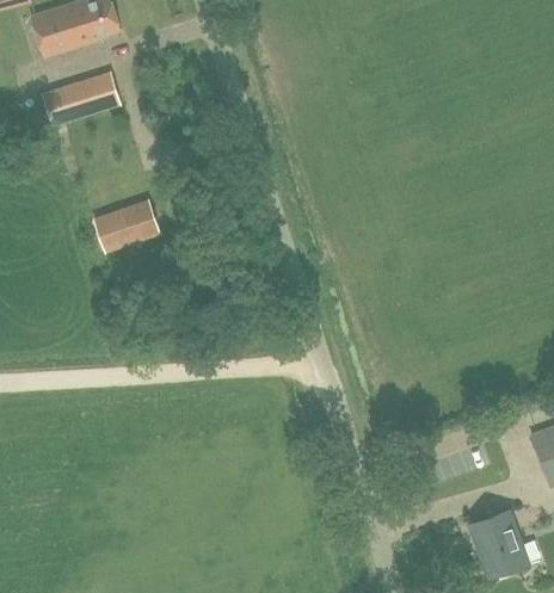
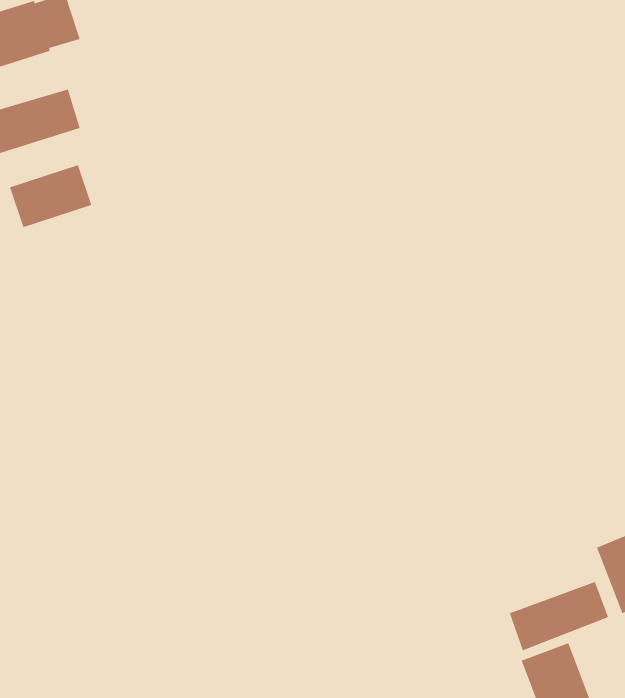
building: [93,200,159,251] -> [9,165,92,228]
building: none -> [509,581,609,651]

